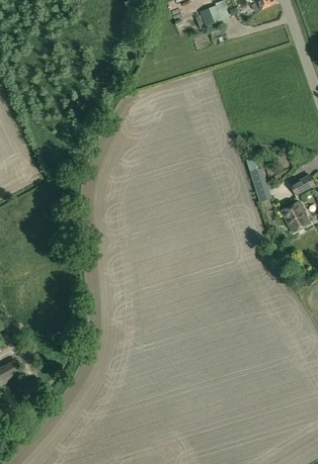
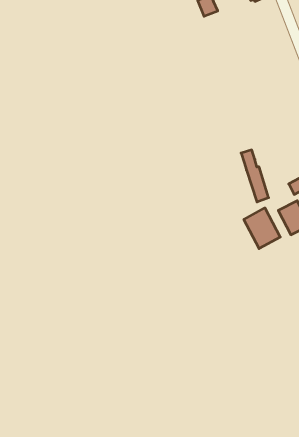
building: none -> [244,208,280,249]

